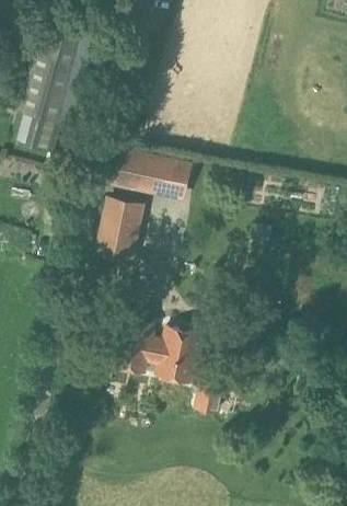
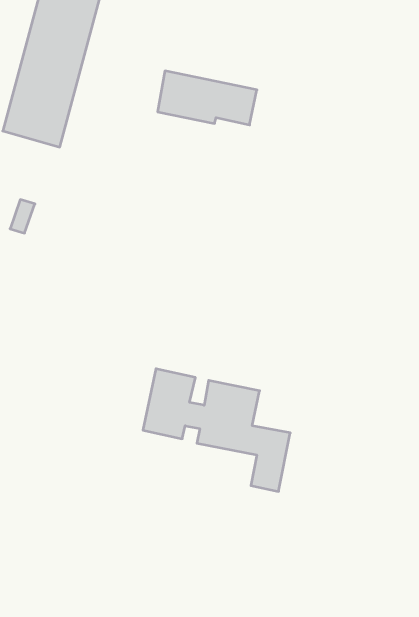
building: [116,150,190,191] -> [158,71,257,125]
building: [101,198,142,257] -> none

